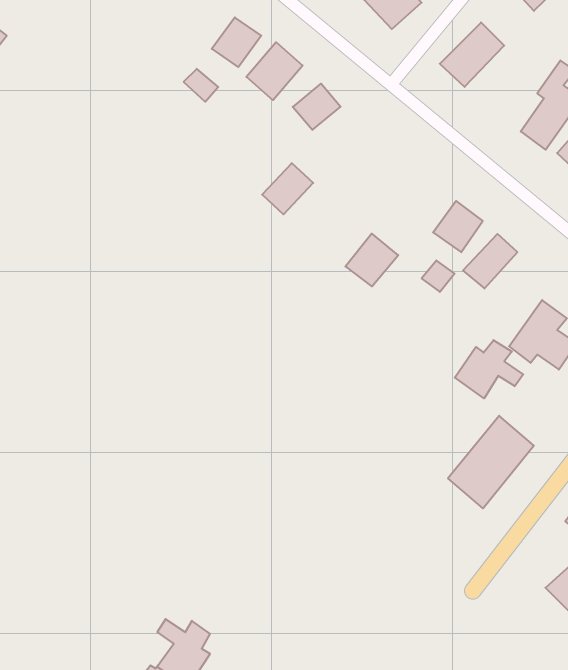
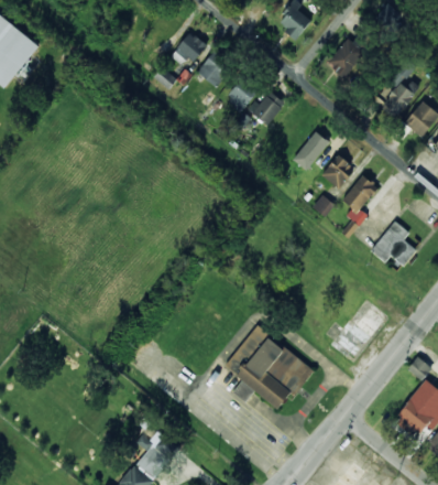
building: [262,163,313,214] -> [251,91,285,126]
building: [345,234,398,286] -> [296,132,331,168]
building: [455,340,523,398] -> none
building: none -> [225,325,313,410]

